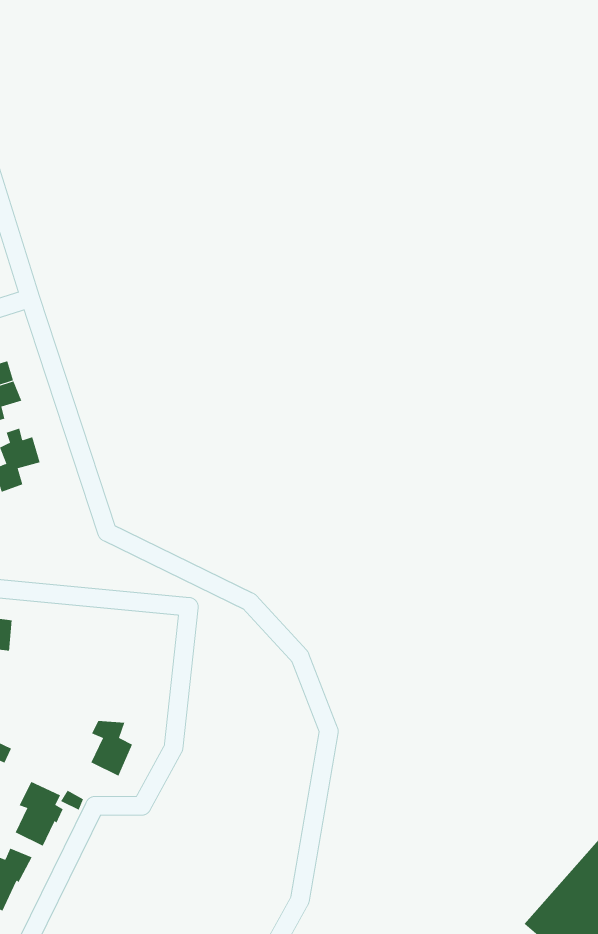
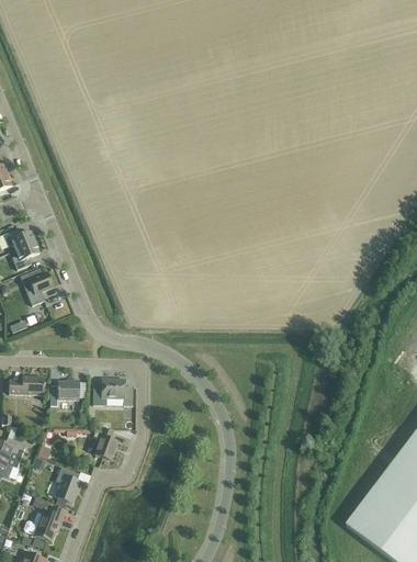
building: none -> [50,379,79,405]
building: none -> [92,378,133,405]

